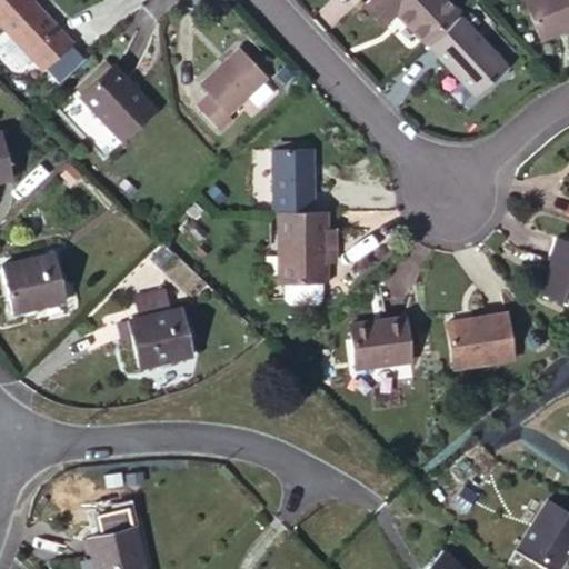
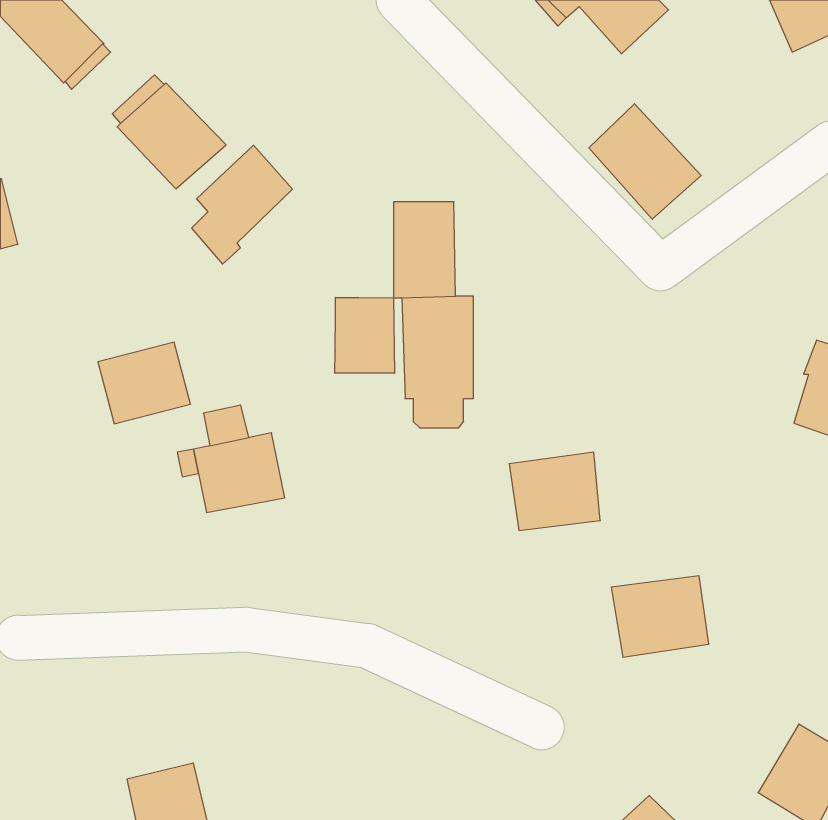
building: [432,19,509,98] -> [589,104,701,219]
building: [198,46,267,127] -> [192,145,292,264]
building: none -> [335,297,395,373]
building: [7,257,70,312] -> [98,342,191,424]
building: [448,316,515,371] -> [611,576,709,657]

